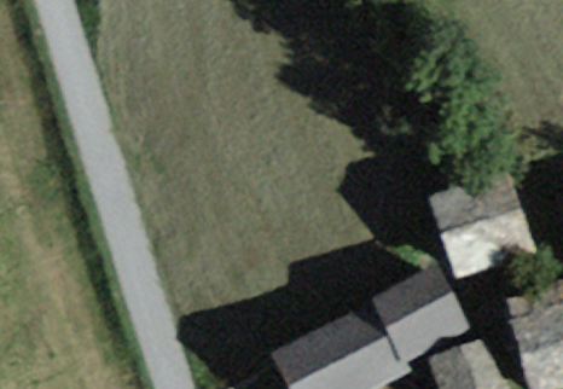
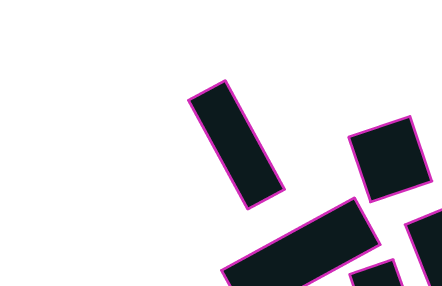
building: none -> [188,81,285,209]

